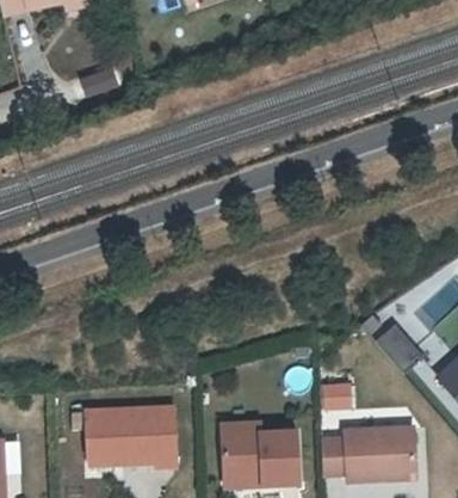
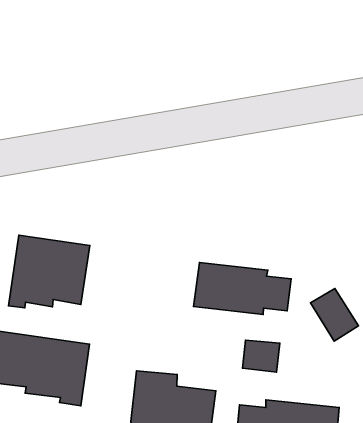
building: none -> [194,262,291,314]
building: none -> [8,235,90,308]

